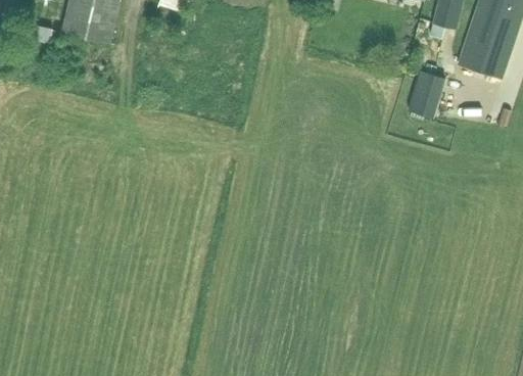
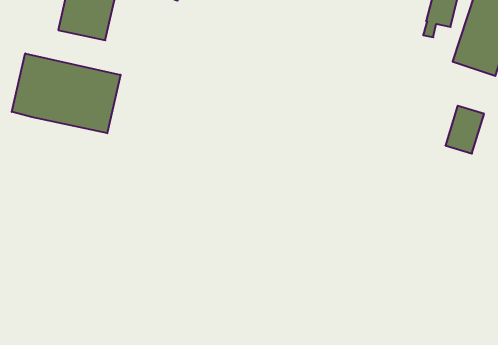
building: none -> [12,53,121,133]
building: [407,70,445,119] -> [445,106,484,154]

